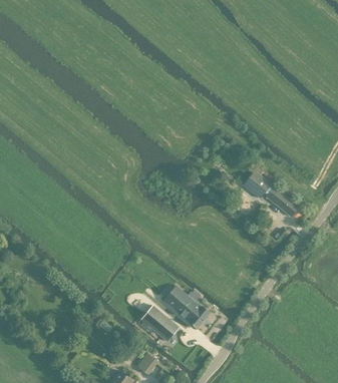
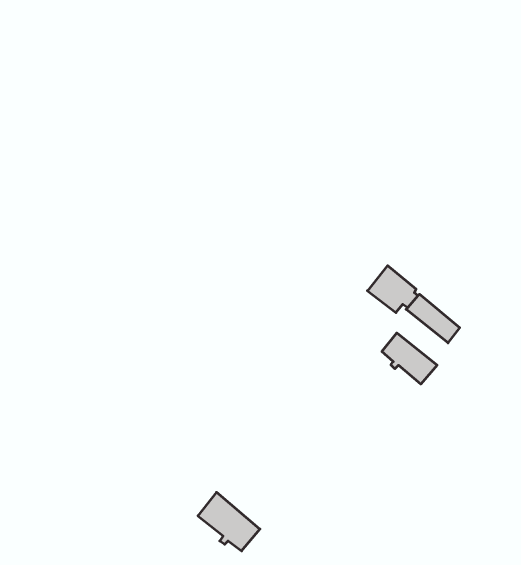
building: none -> [382,333,437,384]
building: [162,286,209,329] -> none

